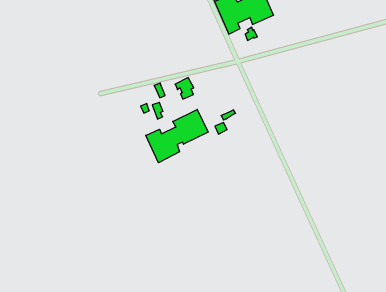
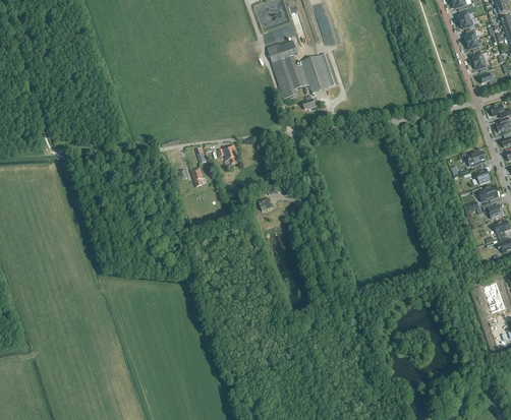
building: [146,109,208,163] -> none

